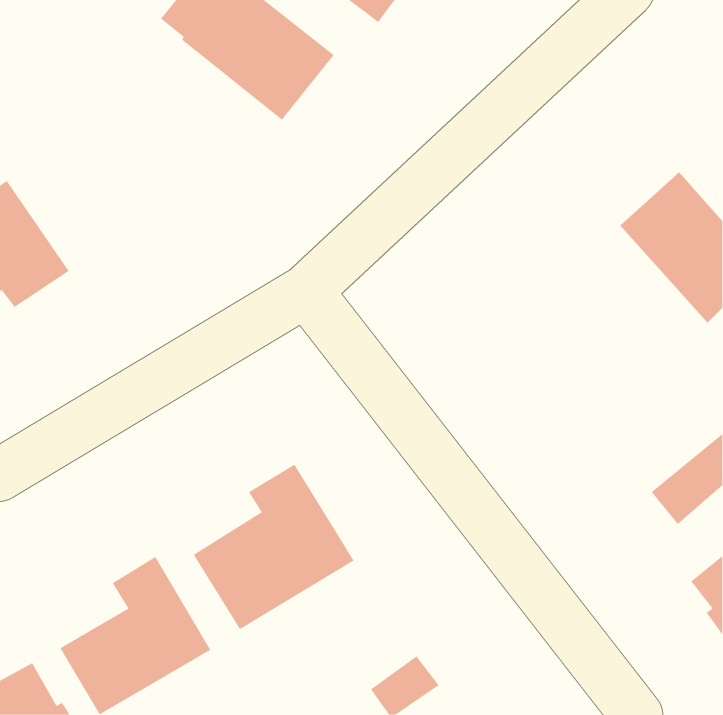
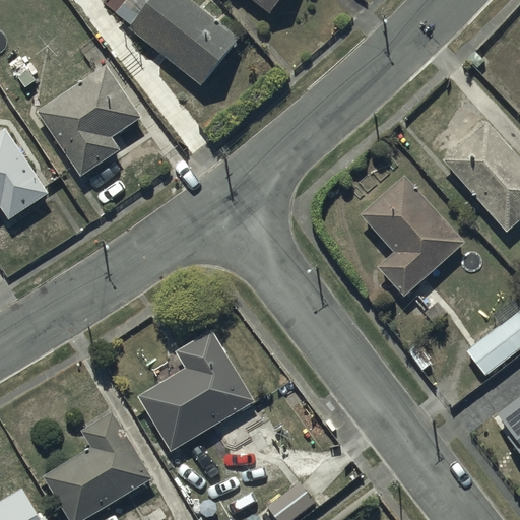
building: none -> [38,67,140,178]
building: none -> [361,177,463,297]

